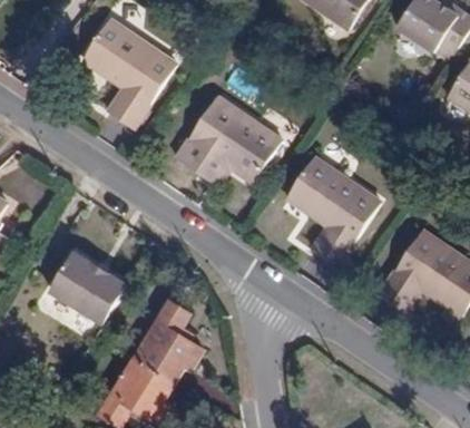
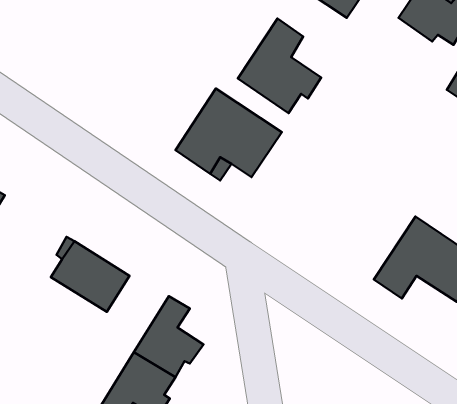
building: [81,20,174,127] -> none
building: none -> [238,19,321,113]
building: [287,157,381,265] -> none

